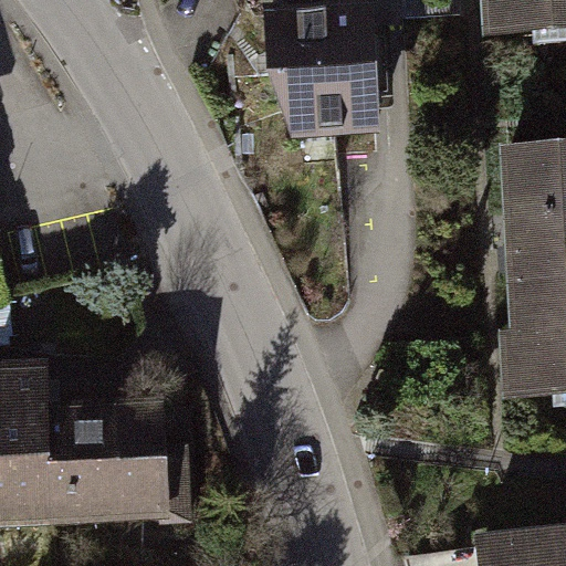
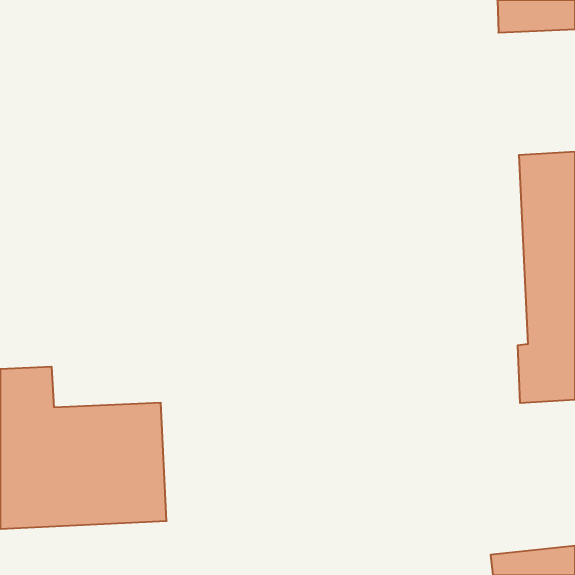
building: [269,9,373,133] -> none

